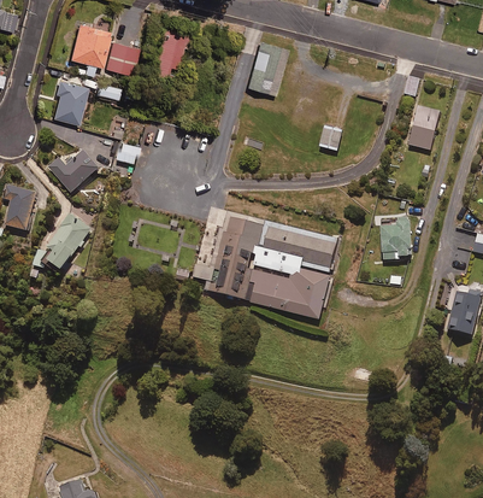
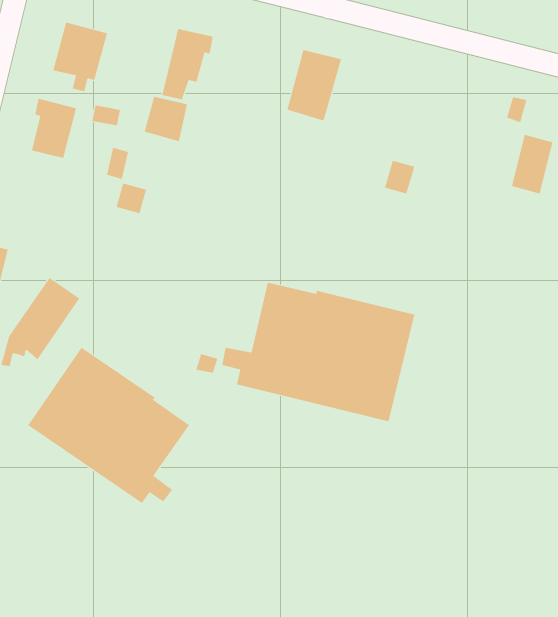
building: [105,41,137,75] -> [144,96,188,142]
building: [48,151,98,191] -> none
building: [382,216,412,259] -> none
building: none -> [27,347,190,504]

